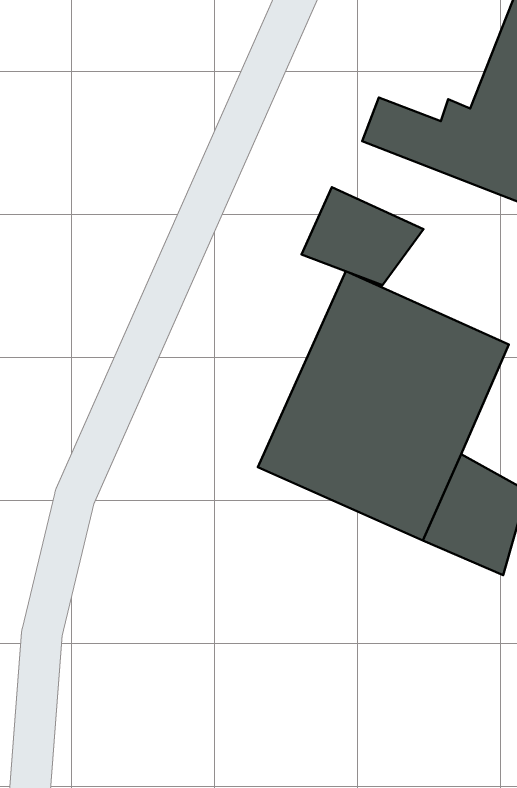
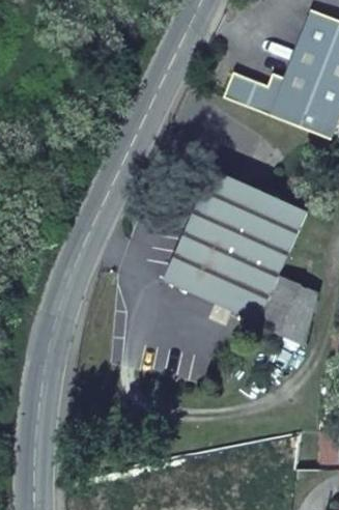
building: [302,187,423,285] -> none

